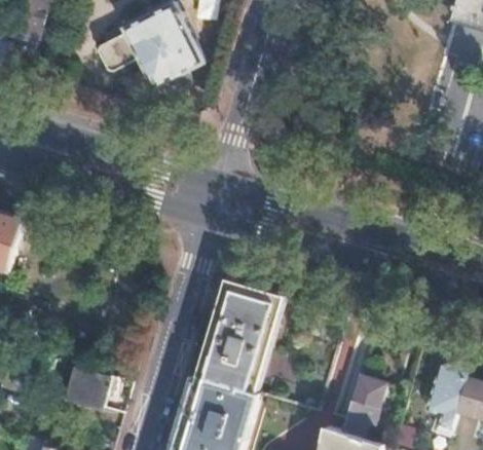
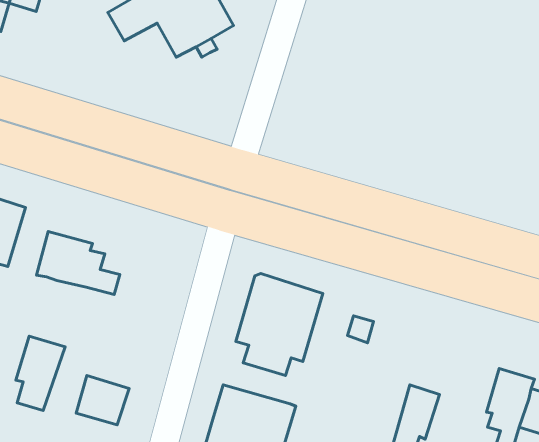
building: none -> [36,231,120,295]
building: none -> [16,336,65,411]
building: [196,337,266,391] -> none

